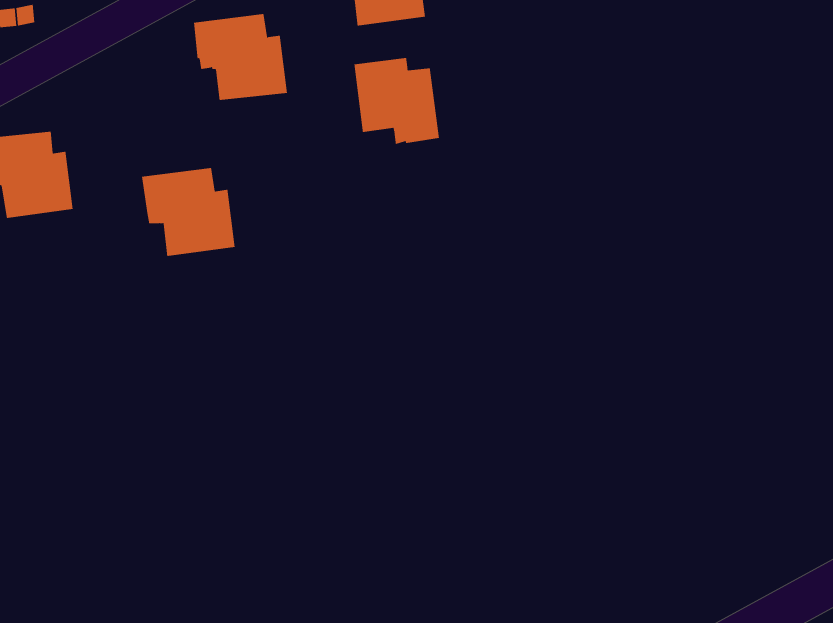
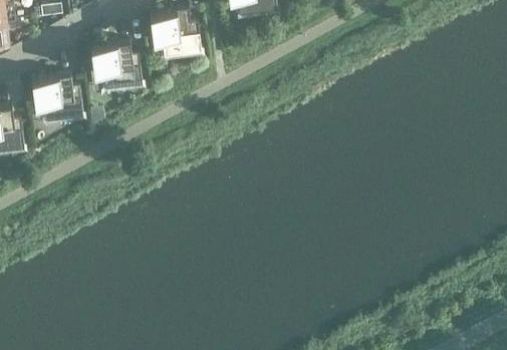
building: [354,57,439,145] -> none
building: [141,167,236,256] -> [89,42,142,91]

